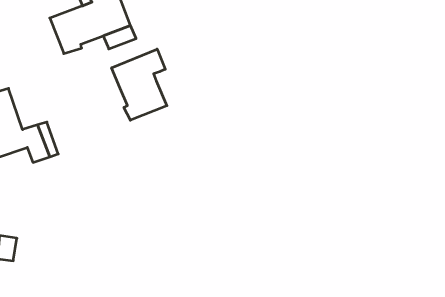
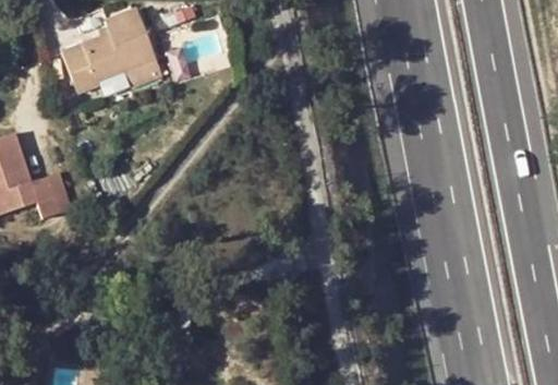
building: [112,49,167,120] -> none

